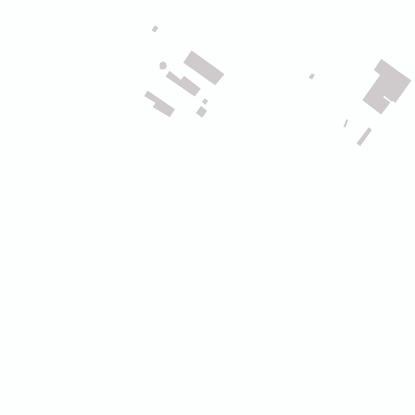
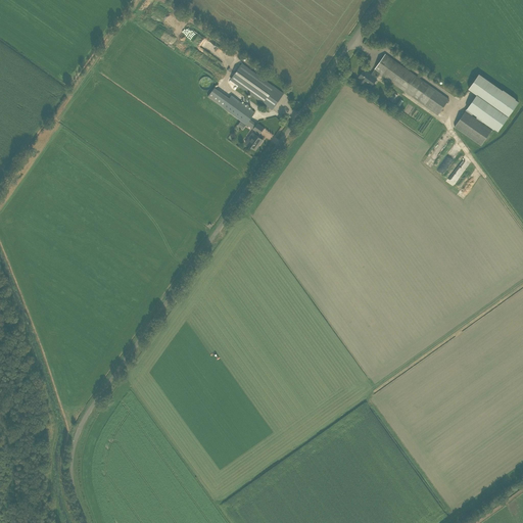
building: none -> [358,53,447,113]
building: [143,89,176,118] -> none

